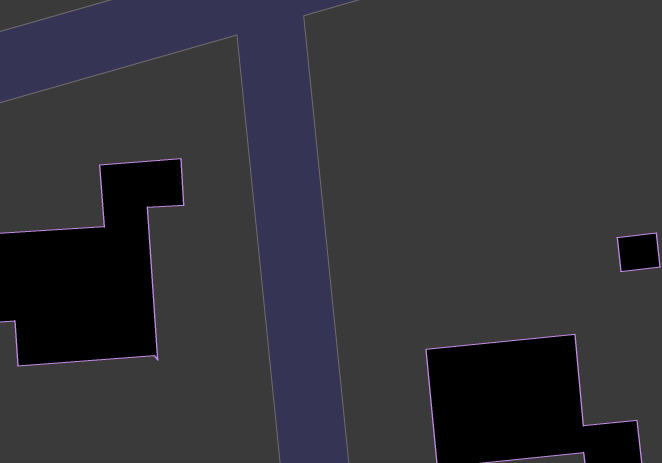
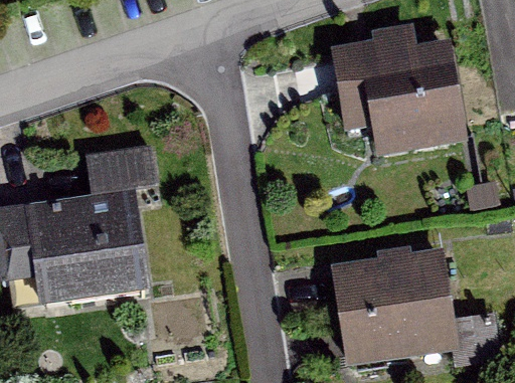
building: none -> [336,46,461,152]

